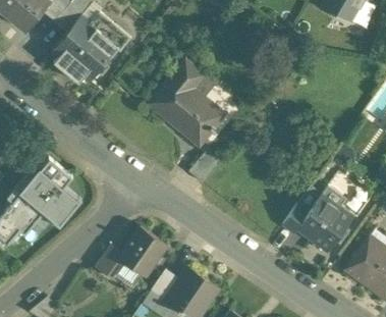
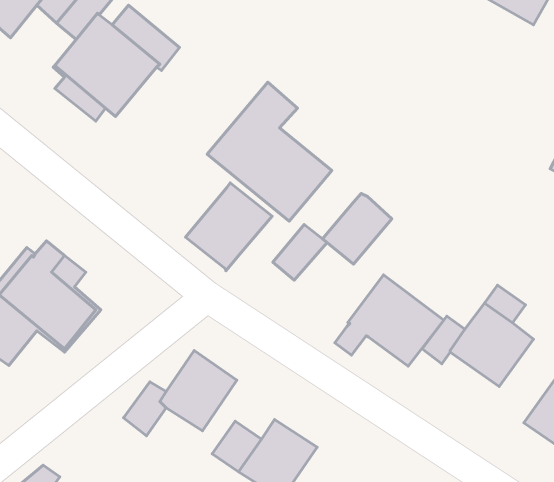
building: none -> [186,183,272,271]
building: none -> [323,193,392,264]
building: none -> [335,275,444,366]

